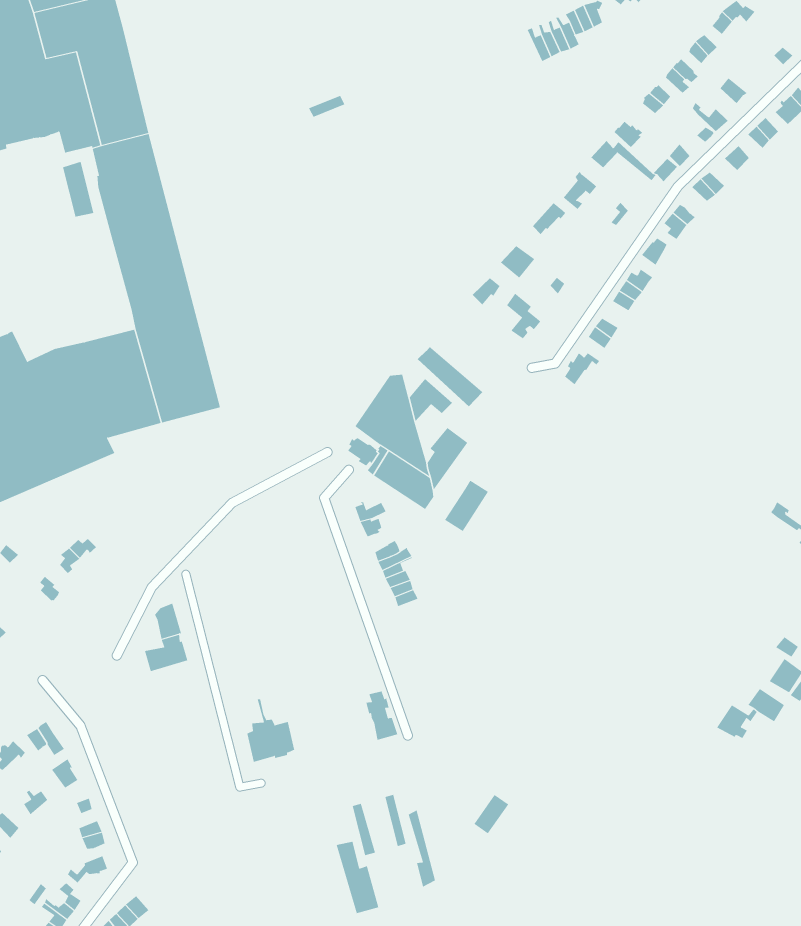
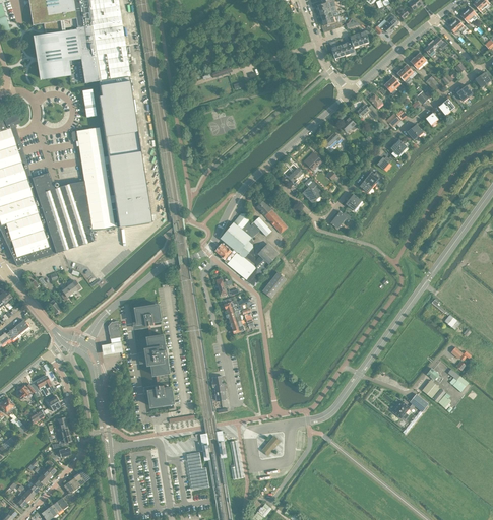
building: none -> [70,126,111,181]
building: none -> [135,304,161,326]
building: none -> [142,335,169,374]

